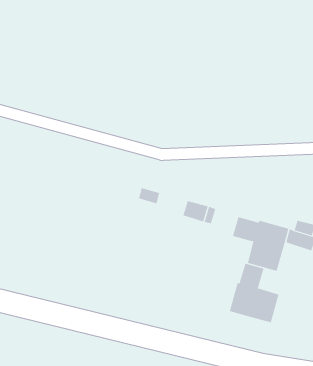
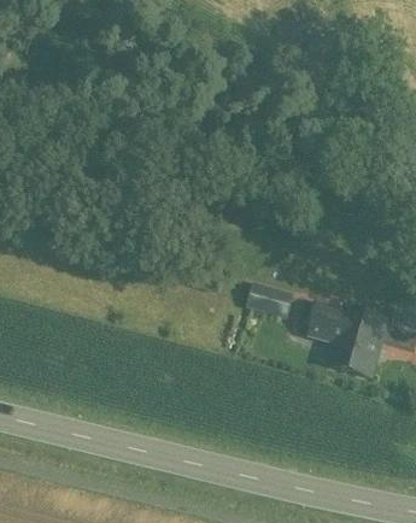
building: [229,263,279,323] -> none

